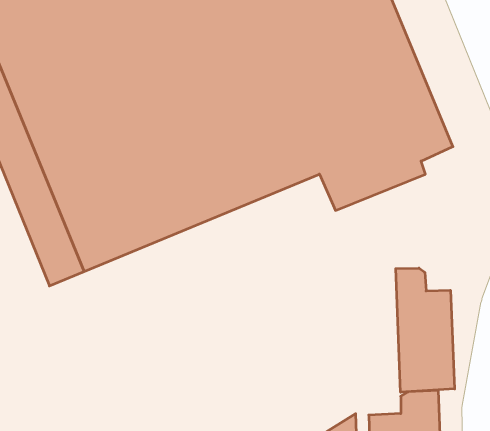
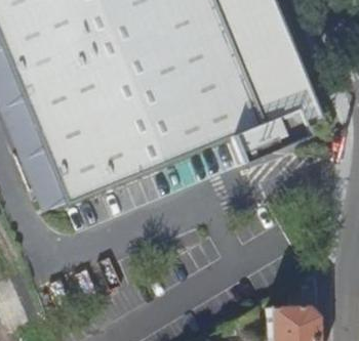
building: [396,268,455,392] -> none

